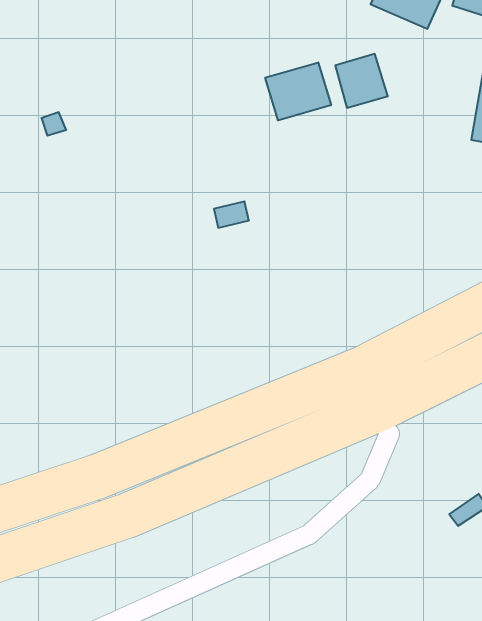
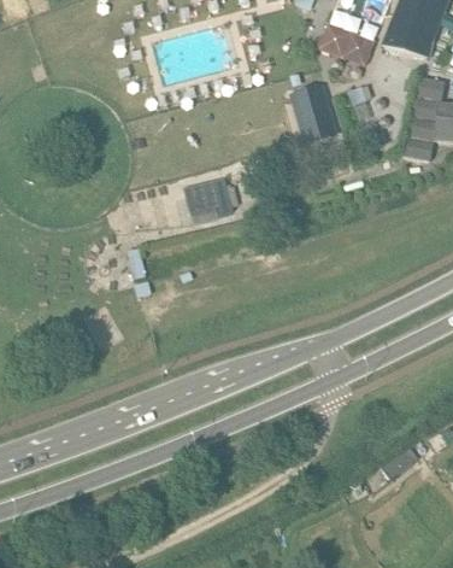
building: [265,62,331,120] -> none

